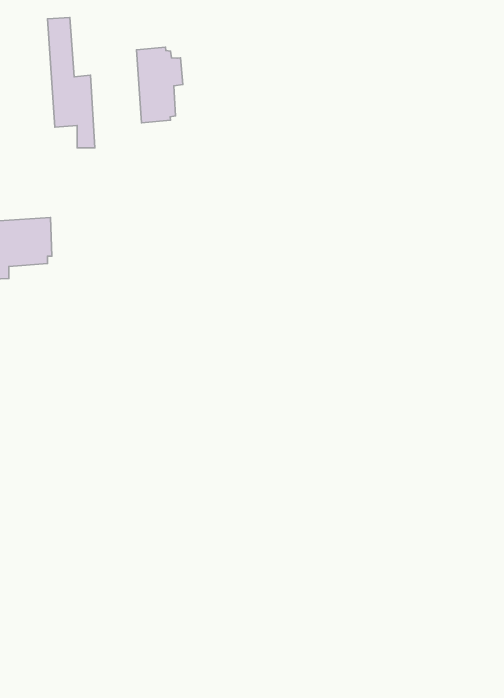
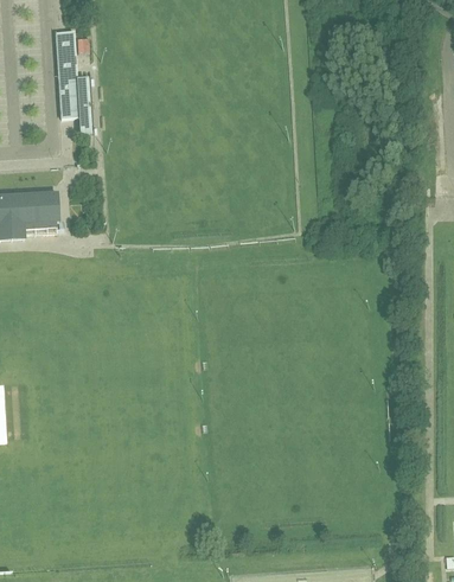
building: [136,47,183,123] -> none

